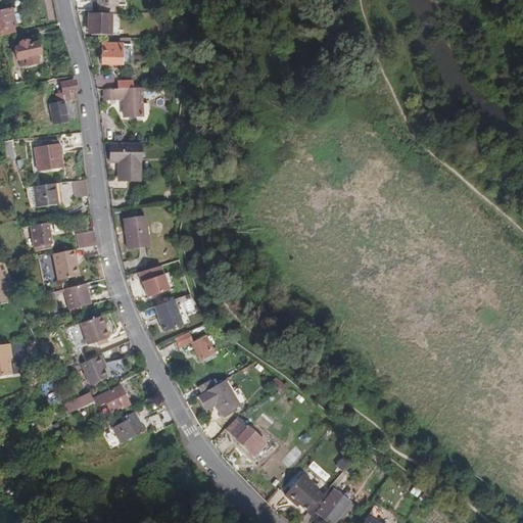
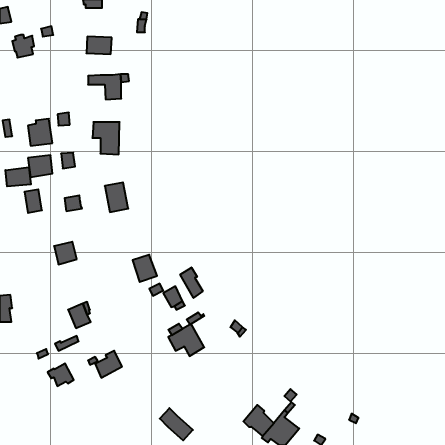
building: [88,12,110,34] -> none
building: [48,79,76,125] -> none
building: none -> [5,167,31,186]
building: [51,248,78,279] -> none
building: [140,265,171,295] -> none
building: none -> [180,267,203,298]
building: [79,315,106,343] -> none
building: [98,385,129,412] -> [48,363,74,386]
building: [226,417,265,455] -> [160,408,193,440]

